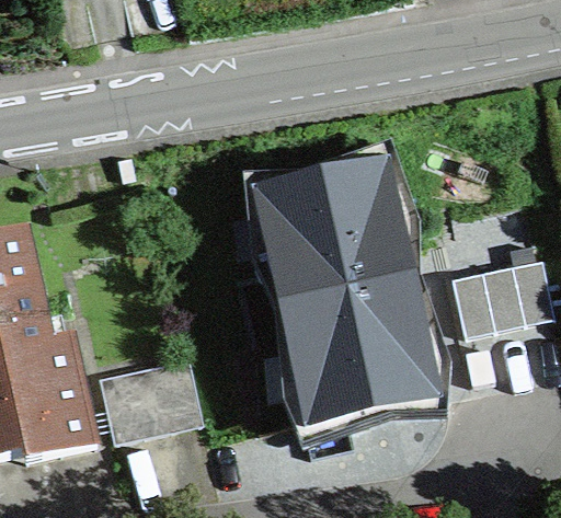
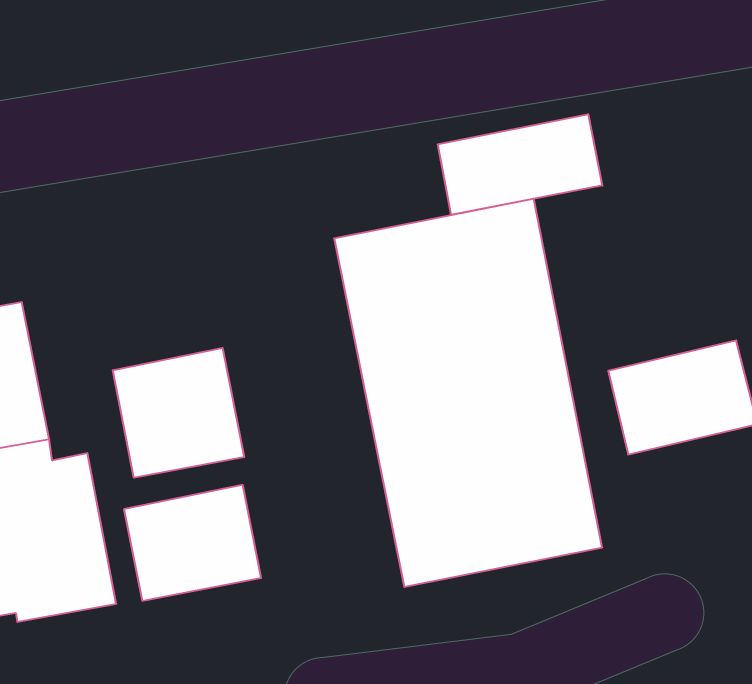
building: none -> [438,114,602,215]
building: none -> [113,348,244,478]

